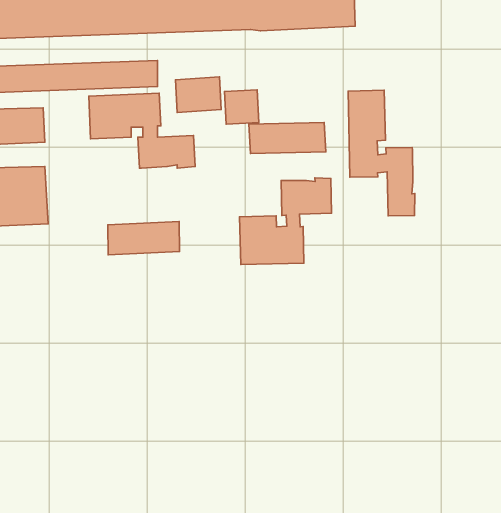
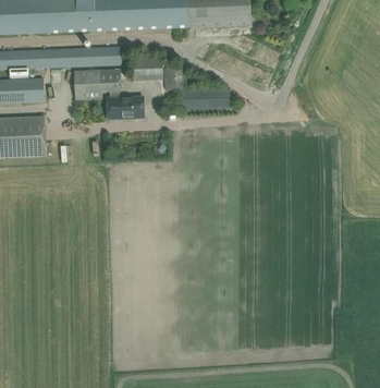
building: [348,90,415,216] -> none
building: [239,178,332,265] -> none
building: [108,222,180,255] -> none

